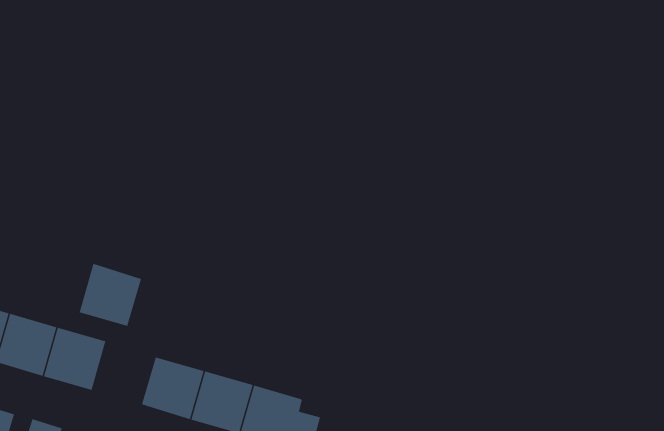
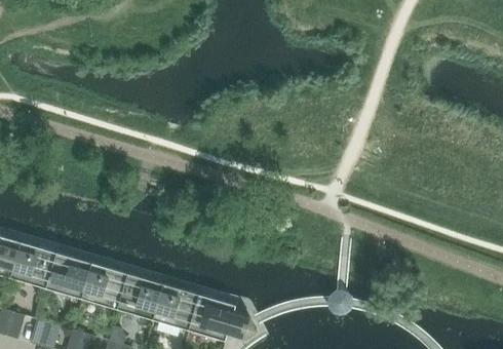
building: [79,263,142,326] -> [81,261,127,307]

